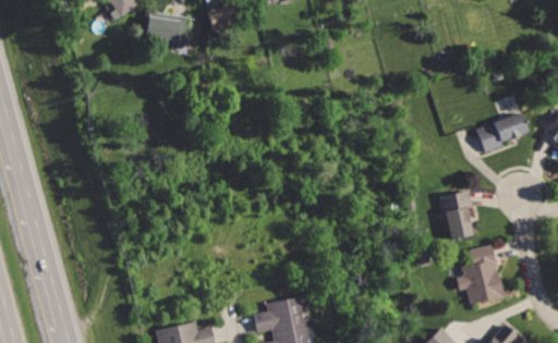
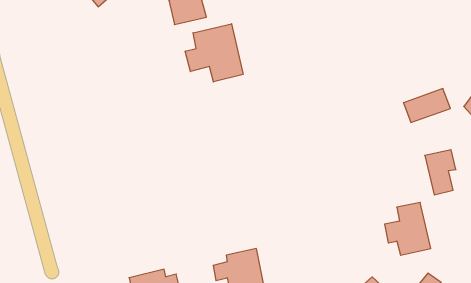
building: [147,12,191,52] -> none
building: none -> [185,24,243,82]
building: [438,187,474,240] -> [425,150,456,195]

